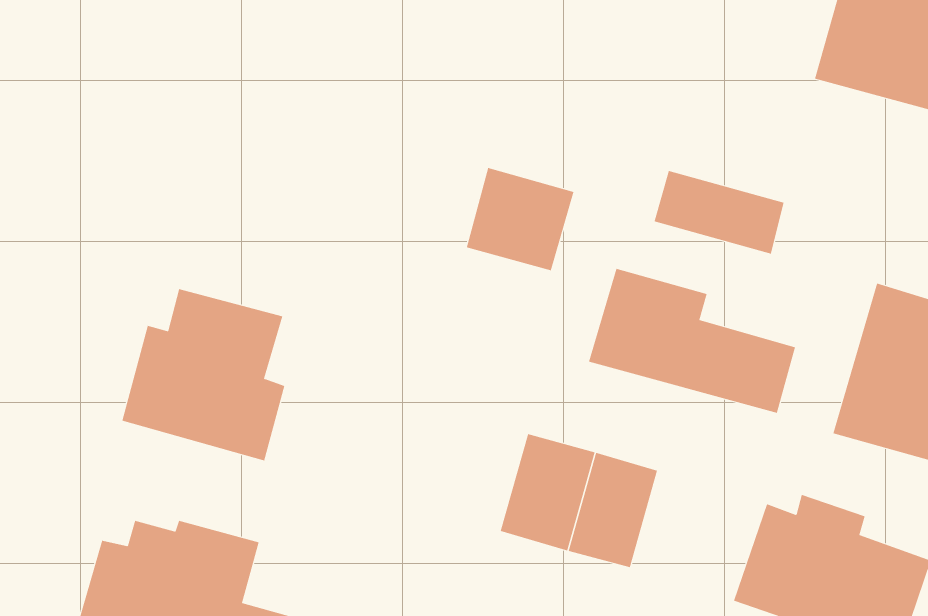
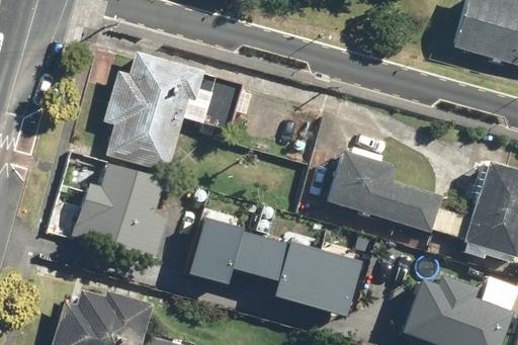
building: none -> [100,54,245,171]
building: [466,167,574,271] -> none
building: [654,170,784,255] -> none
building: none -> [193,220,292,284]

